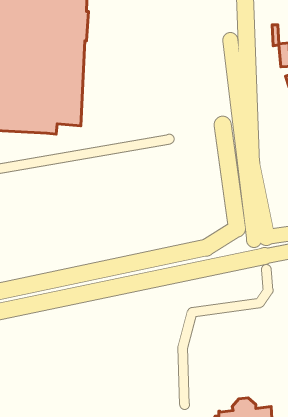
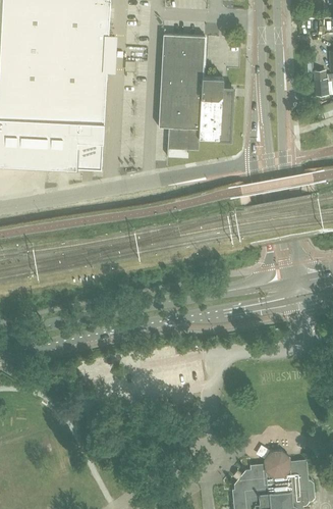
building: none -> [158,34,234,158]

